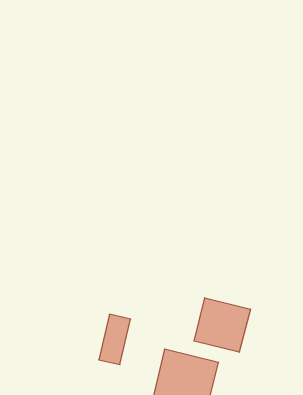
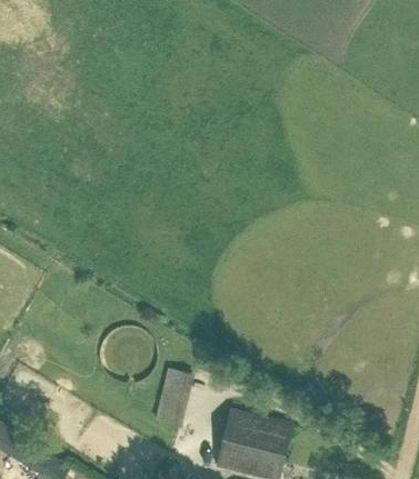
building: [194,298,250,352] -> none

